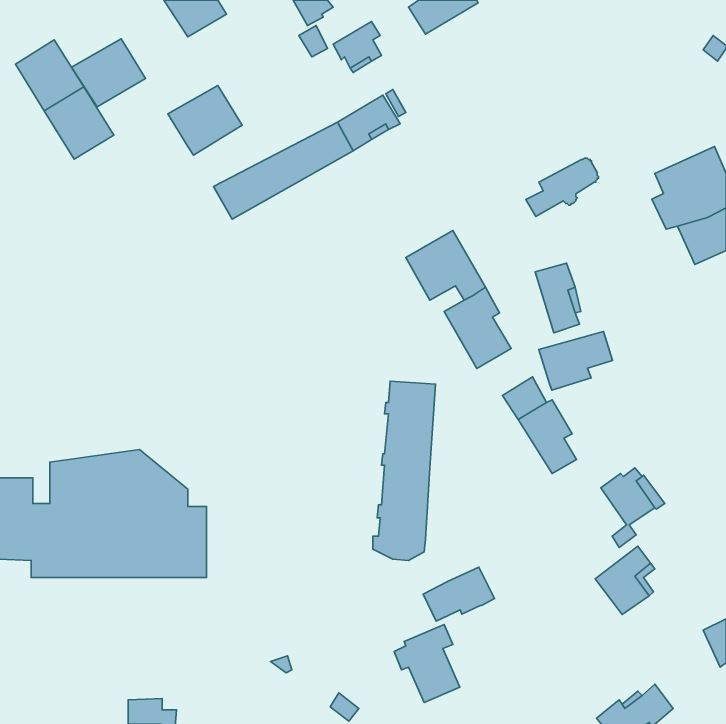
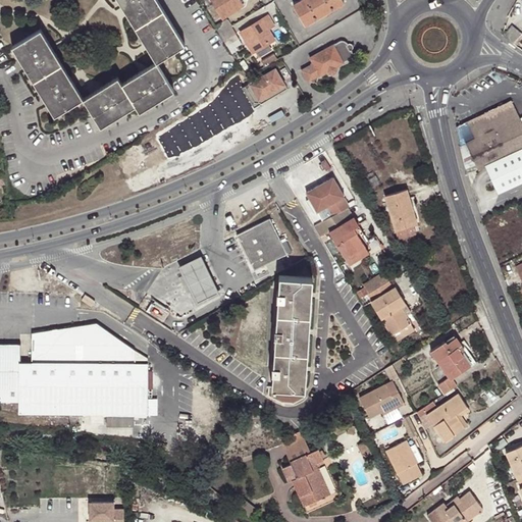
building: none -> [135,12,184,63]
building: [71,39,146,107] -> [82,79,135,127]
building: [526,158,599,216] -> [301,43,353,85]
building: none -> [234,218,286,271]
building: [539,332,612,390] -> none
building: none -> [179,259,220,308]
building: [423,567,494,621] -> [359,378,410,417]
building: none -> [385,439,421,484]

